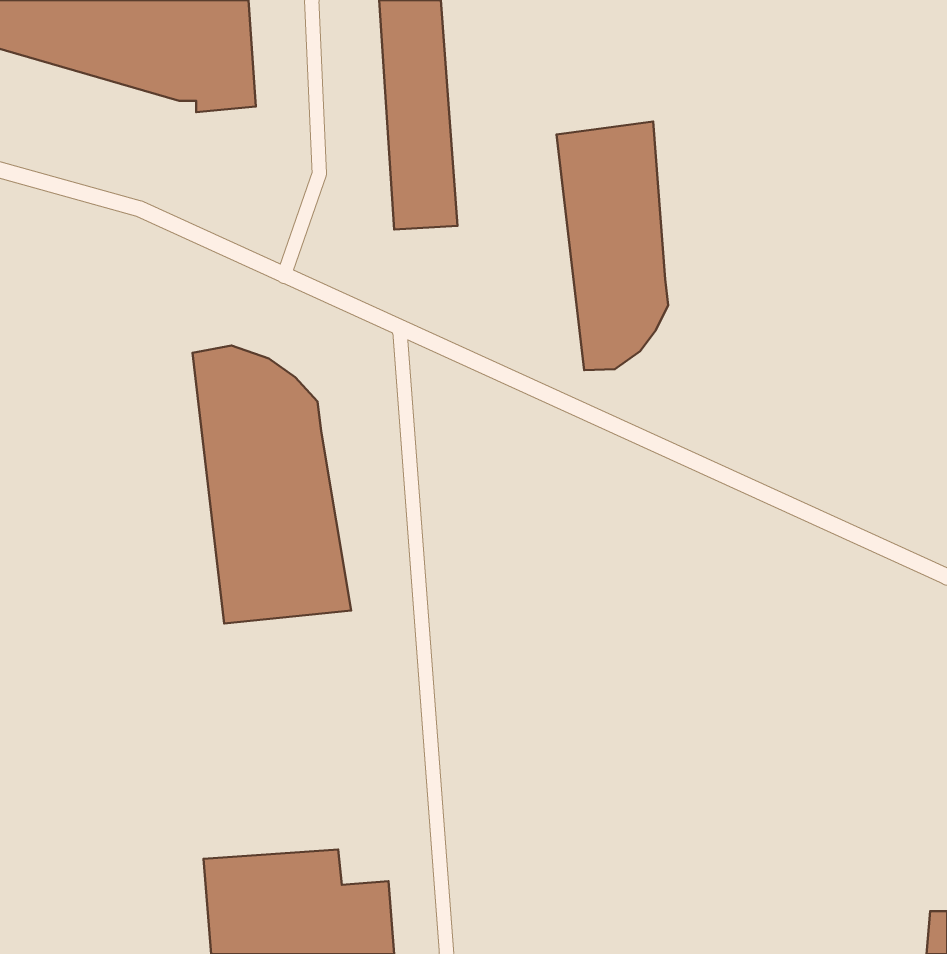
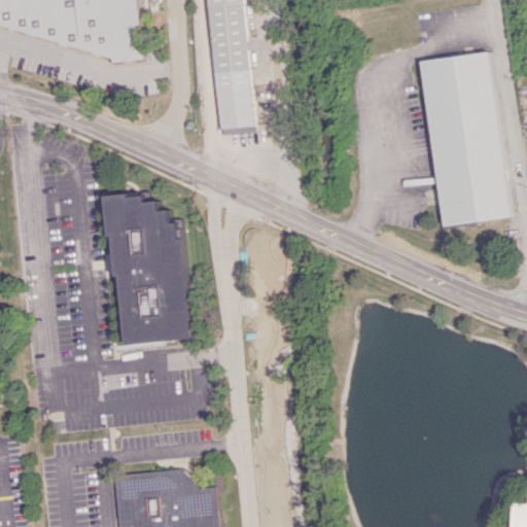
building: none -> [420,51,508,225]
building: [556,121,668,370] -> none

